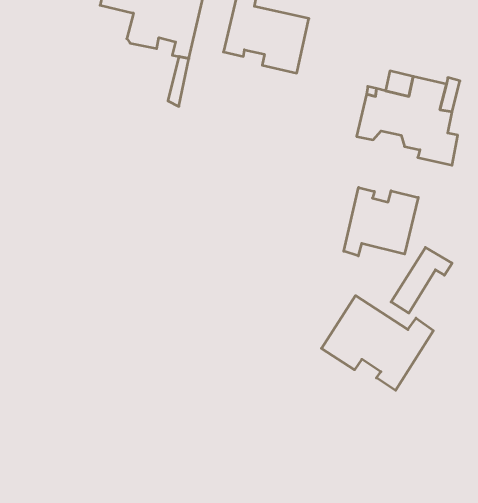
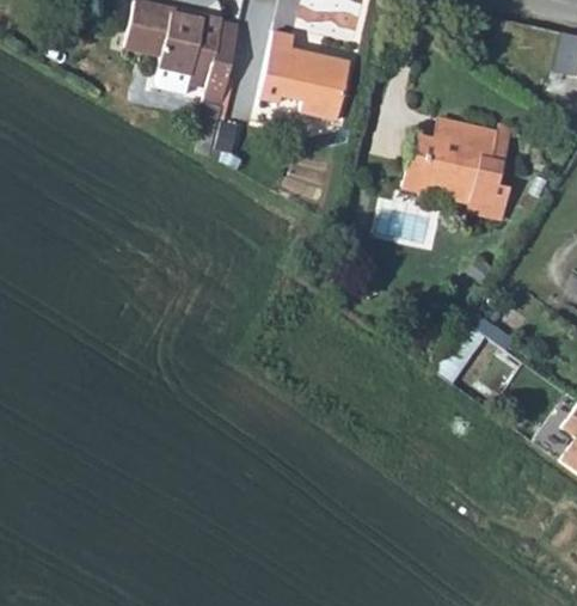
building: [344,187,418,256] -> none
building: [321,296,433,390] -> none

